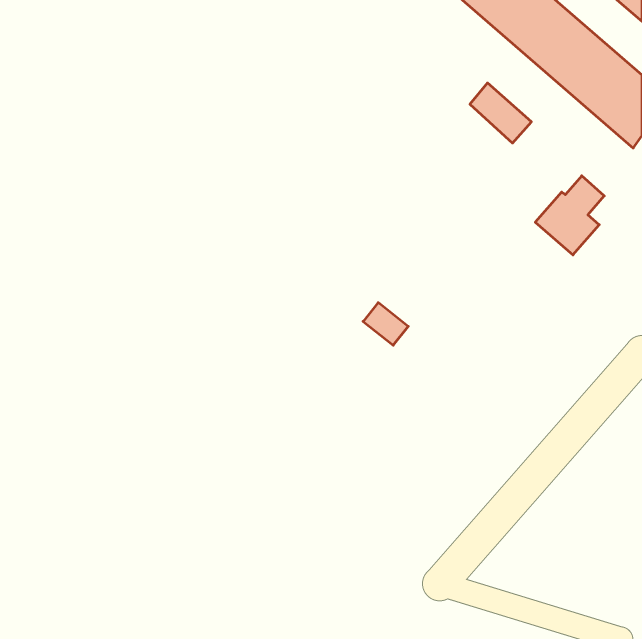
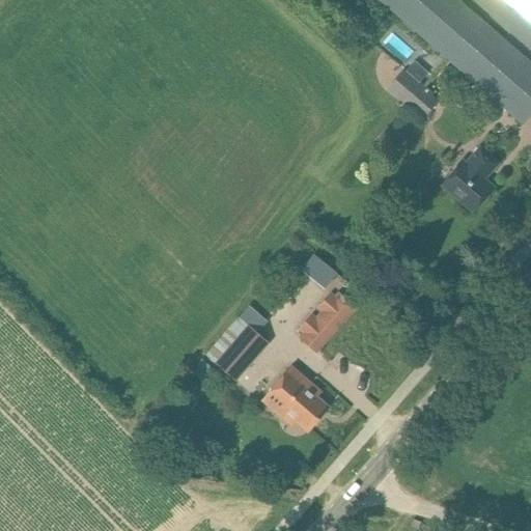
building: none -> [300,283,362,350]
building: none -> [205,315,268,379]
building: none -> [263,366,328,429]

